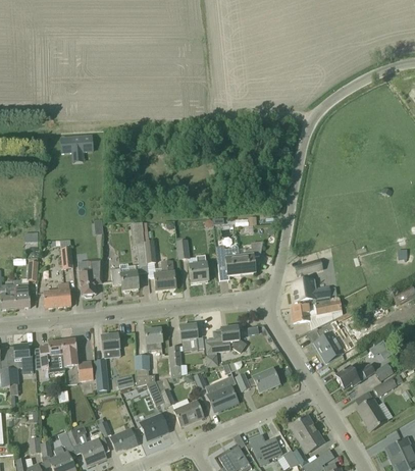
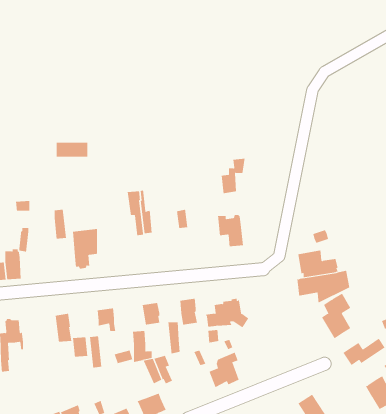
building: [60,136,91,150] -> [56,142,88,157]
building: [239,241,262,274] -> [221,158,245,194]
building: [188,255,207,282] -> none
building: [153,259,175,291] -> none
building: [110,263,138,292] -> none
building: [43,282,70,308] -> none
building: [39,341,64,372] -> none
building: [236,368,278,391] -> none
building: [173,400,203,425] -> none

